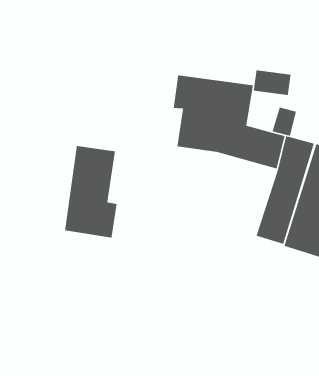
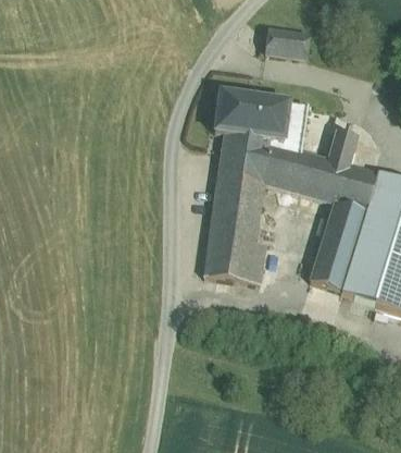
building: [253,69,291,96] -> [265,27,310,58]
building: [64,145,118,238] -> [204,175,266,283]

